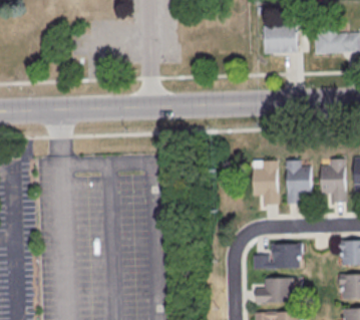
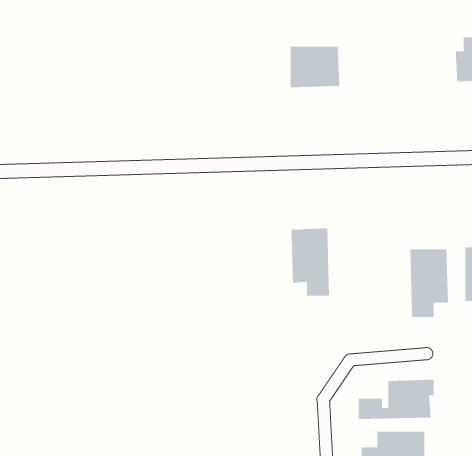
building: [264,25,296,52] -> [290,46,340,88]
building: [253,159,278,204] -> [291,227,330,297]

